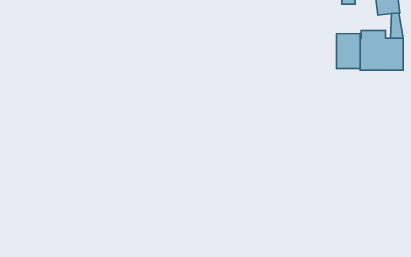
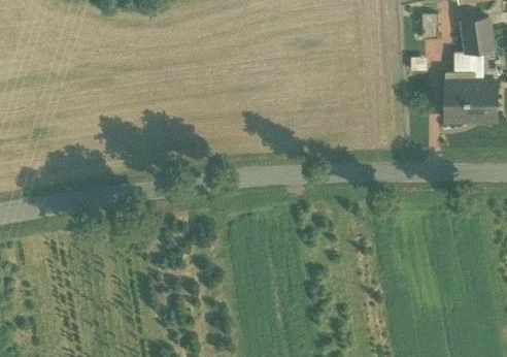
building: [336,34,360,69] -> none

